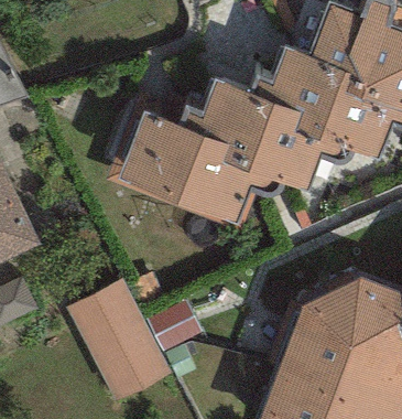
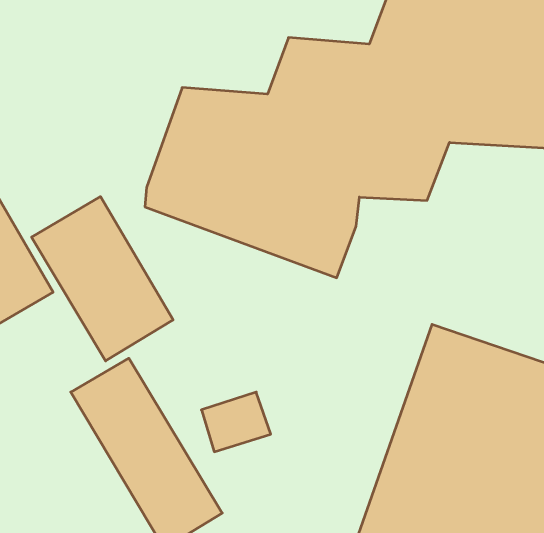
building: none -> [32,197,173,361]

